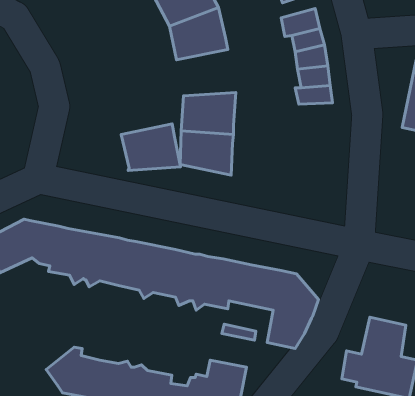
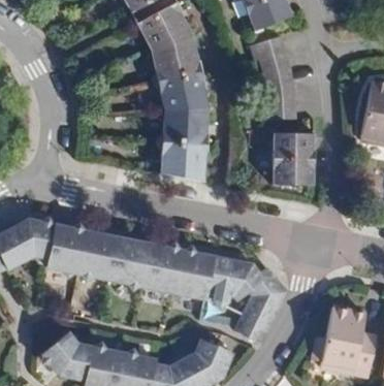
building: none -> [271,134,310,186]
building: [121,124,180,170] -> [158,70,211,111]

